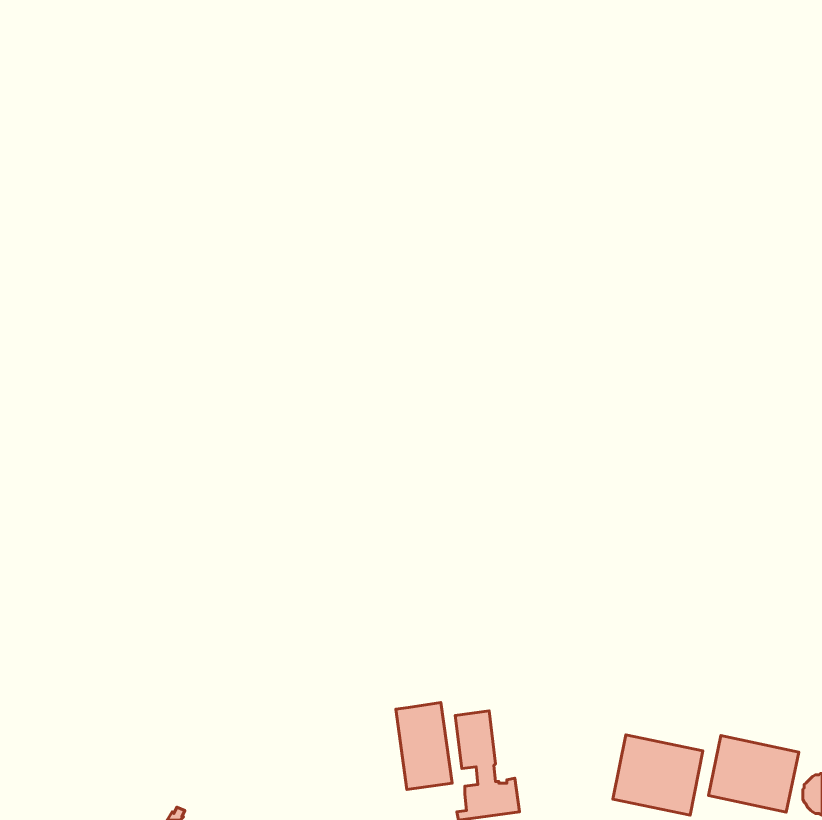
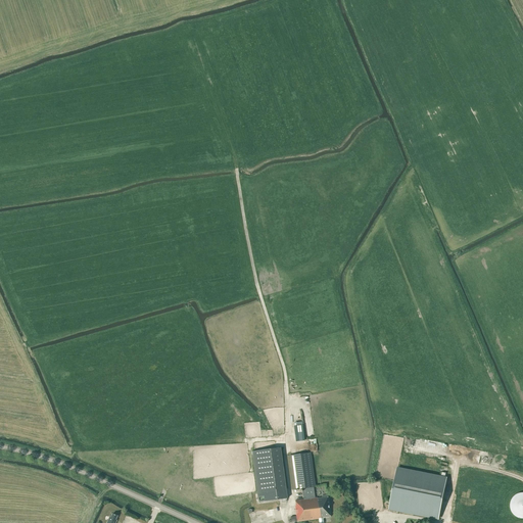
building: [708,735,799,812] -> none

